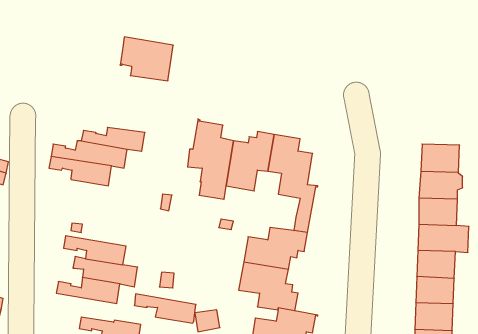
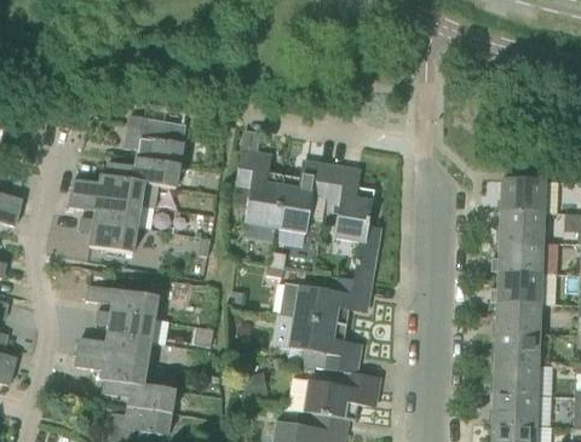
building: [120,37,173,81] -> [125,114,186,165]
building: none -> [80,216,138,253]
building: [134,294,196,323] -> [76,351,148,385]

